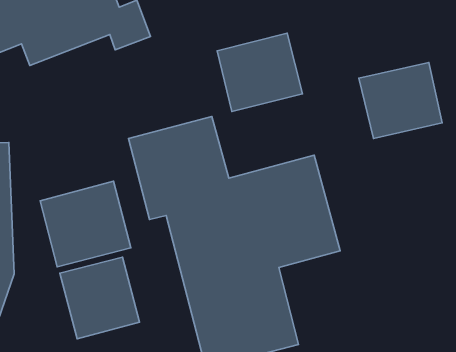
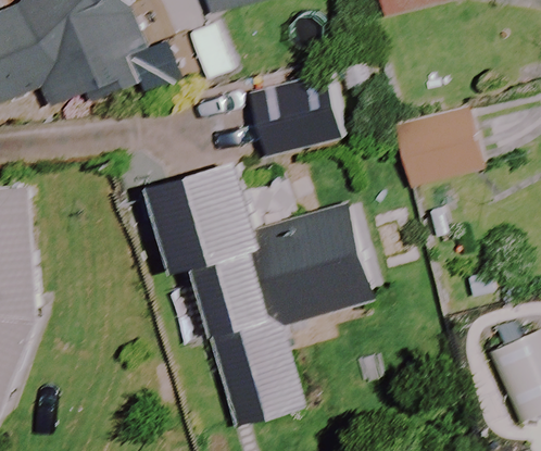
building: [40,181,131,267] -> none
building: [60,257,139,339] -> none

